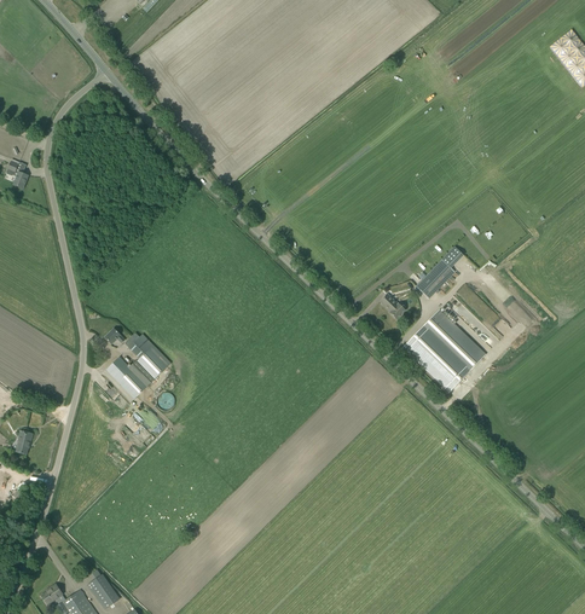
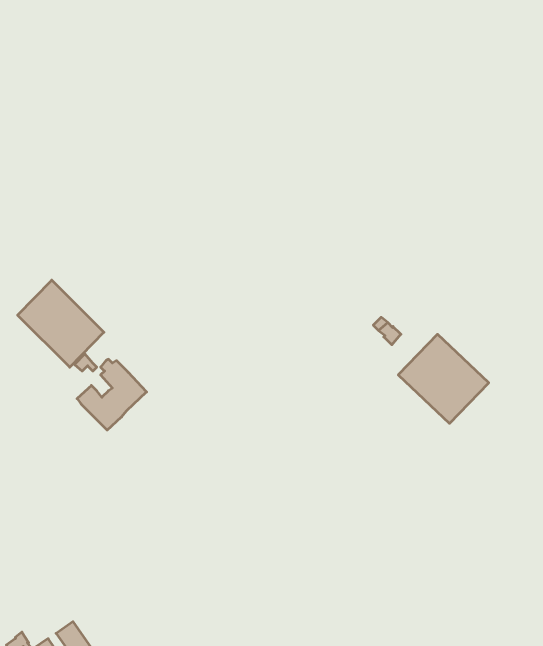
building: [416,259,454,299] -> none
building: none -> [18,280,104,367]

